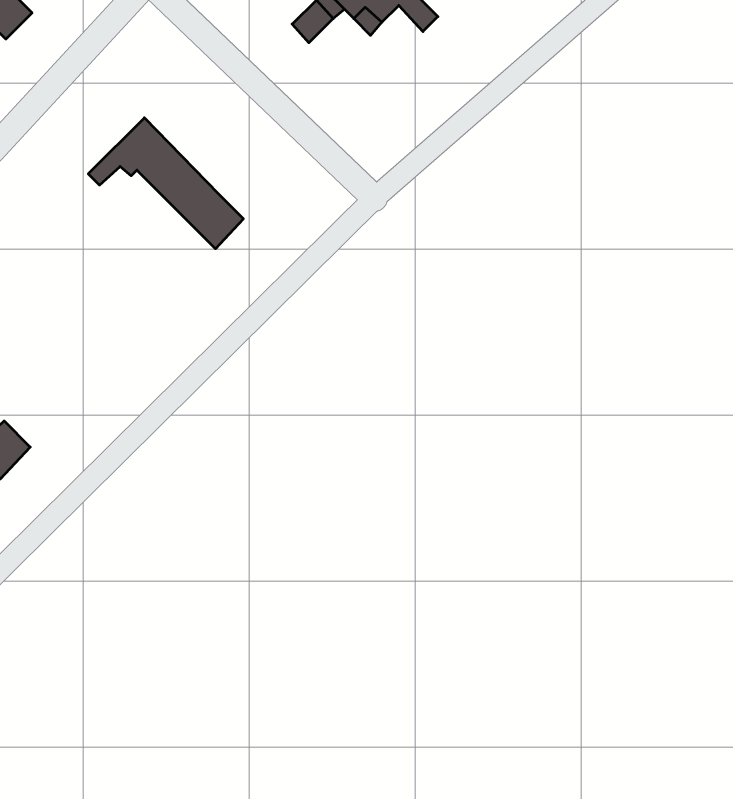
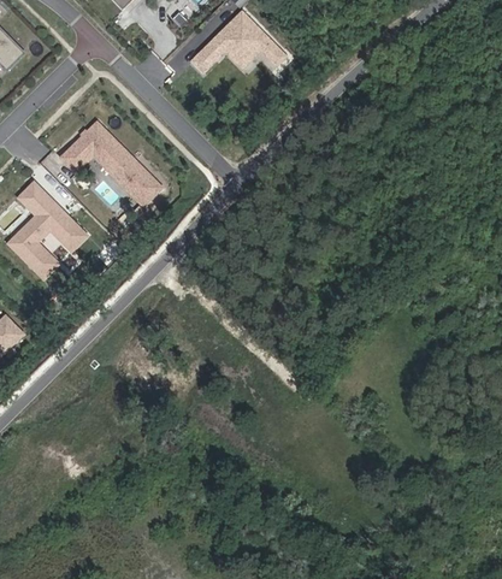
building: none -> [8,178,79,267]

